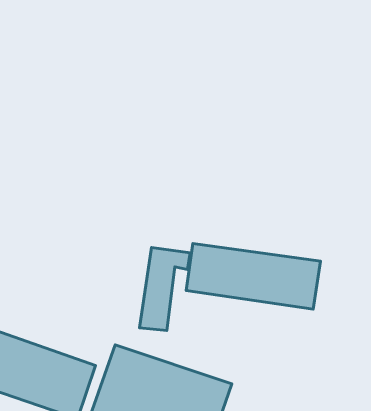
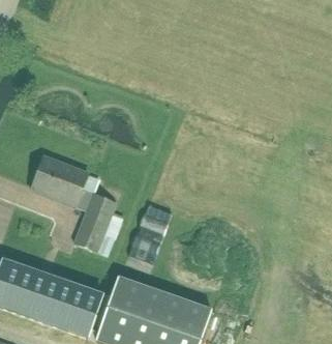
building: none -> [31,156,116,252]
building: [186,244,321,309] -> none

